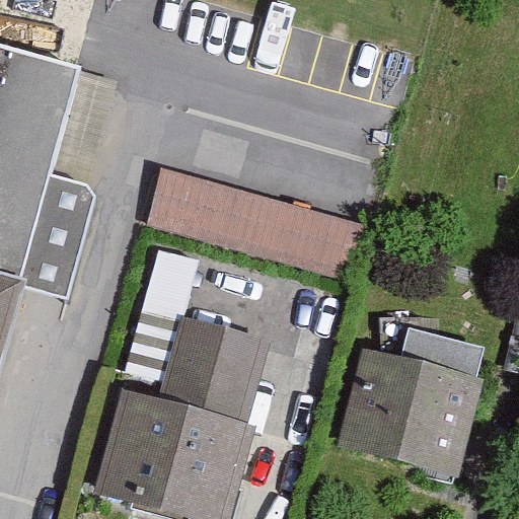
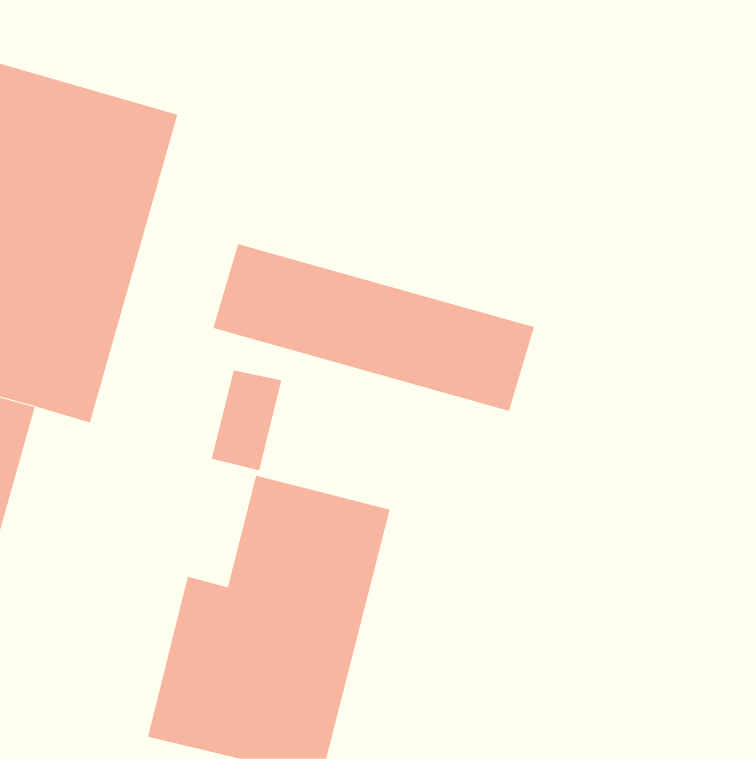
building: [337,352,479,470] -> none

